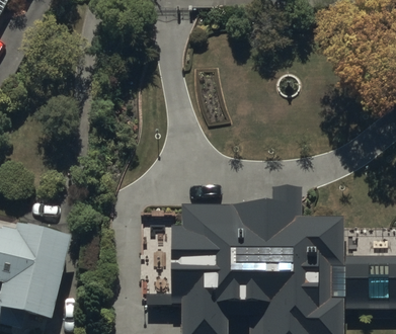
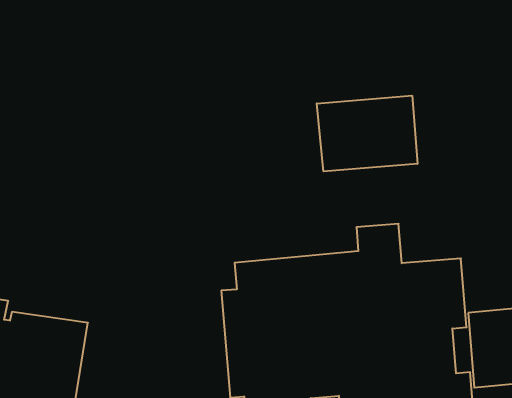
building: none -> [317,96,417,171]

